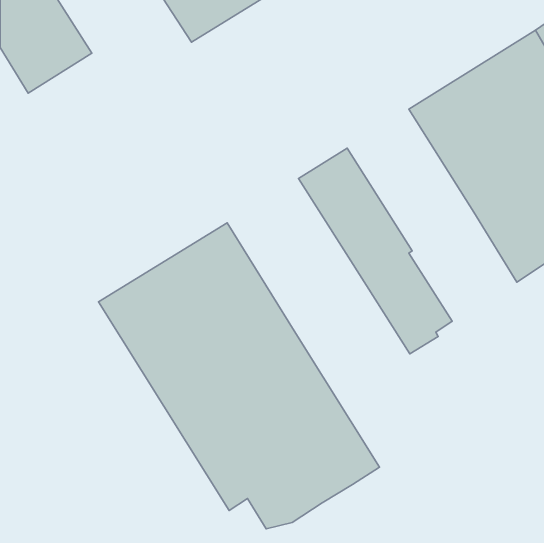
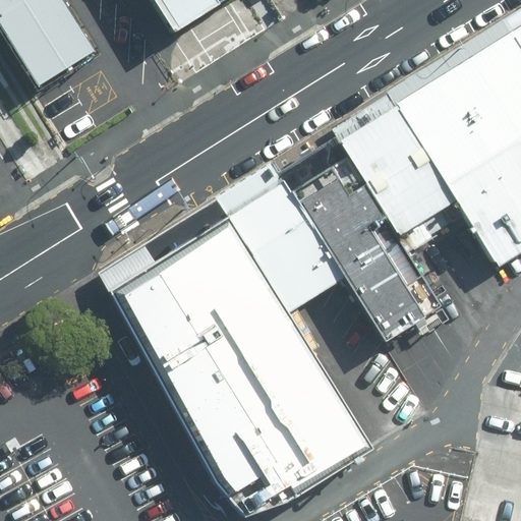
building: none -> [335,103,454,236]
building: none -> [222,168,353,311]

